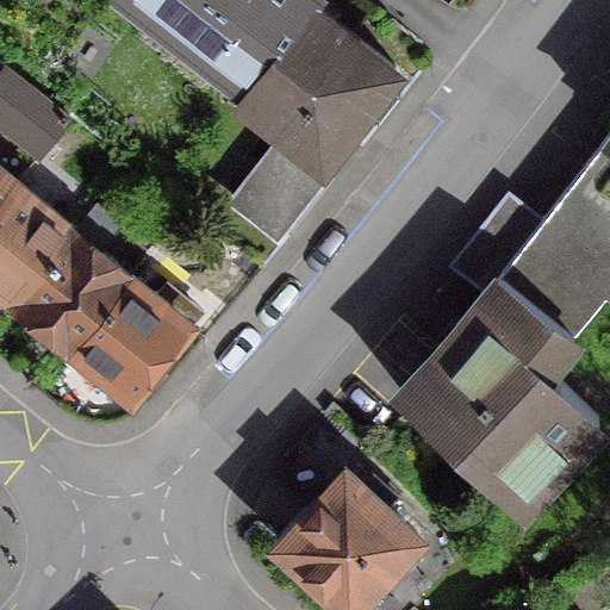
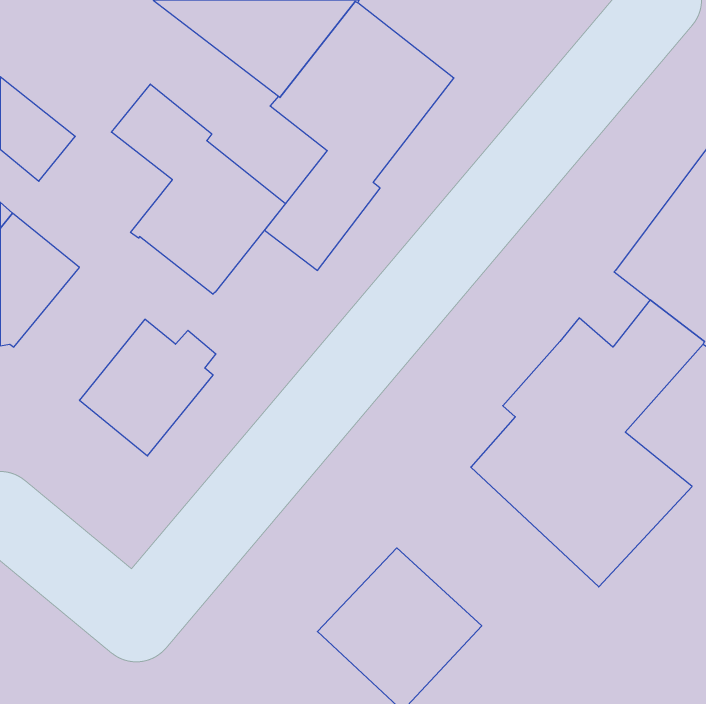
building: none -> [111,84,286,294]
building: [455,214,561,304] -> none
building: [17,236,129,349] -> none

